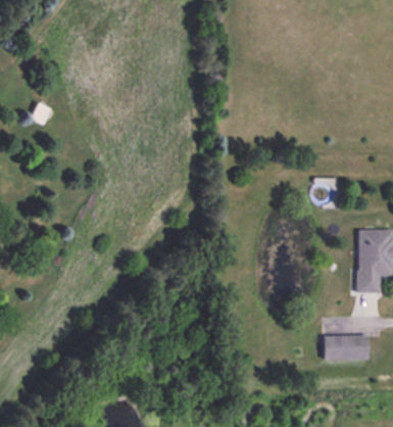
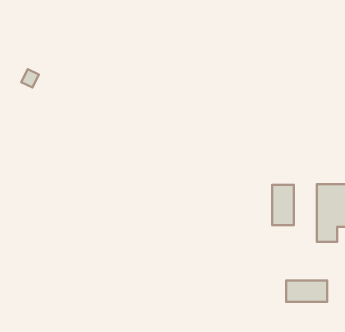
building: none -> [272,185,294,225]

